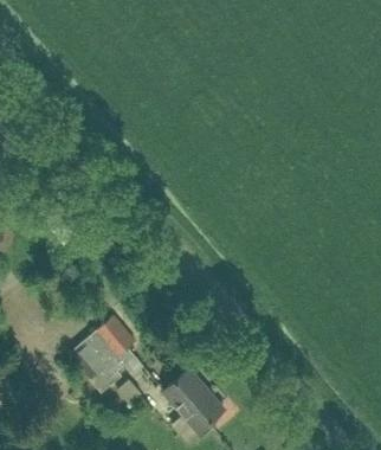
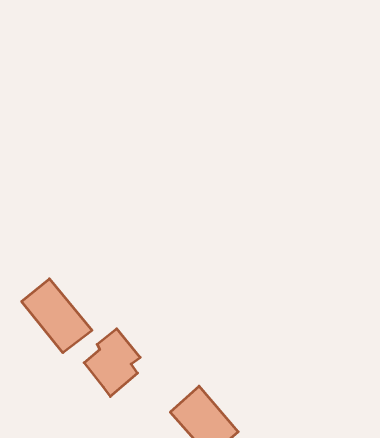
building: none -> [22,279,92,353]

